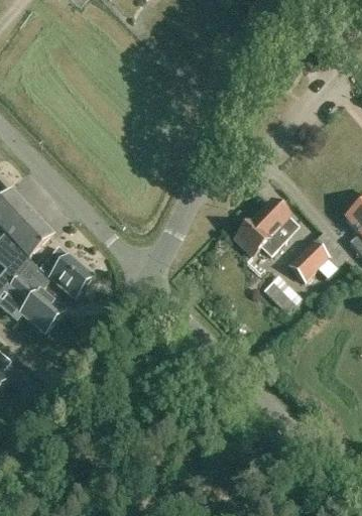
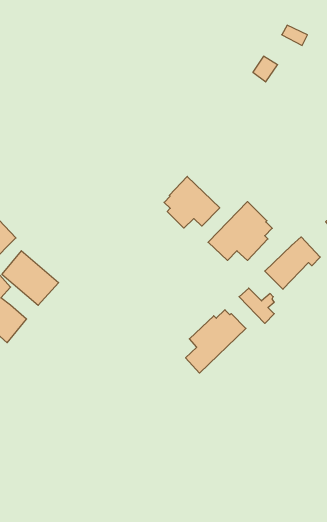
building: none -> [164,176,220,228]
building: none -> [186,310,246,373]

